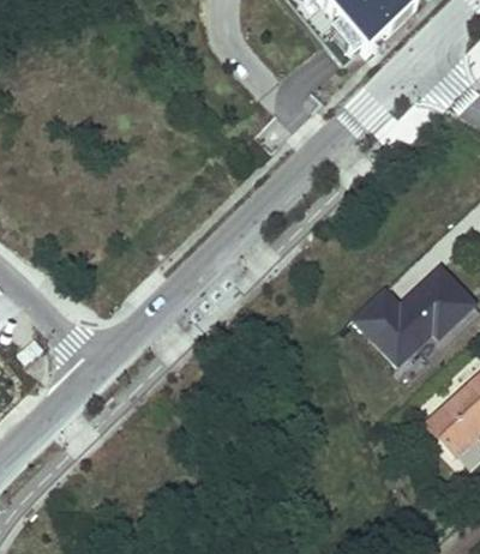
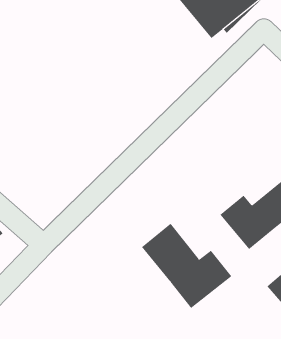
building: none -> [141,223,232,309]

